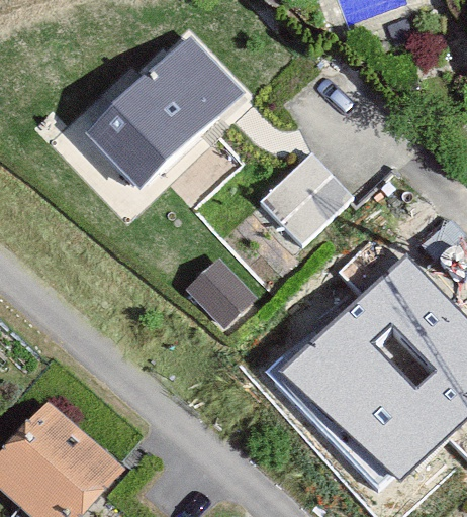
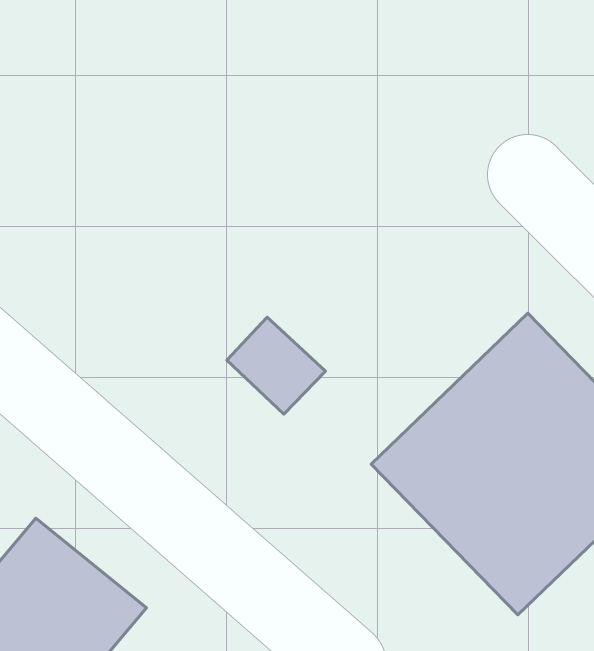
building: [88,32,248,190] -> none
building: [259,151,352,243] -> none

